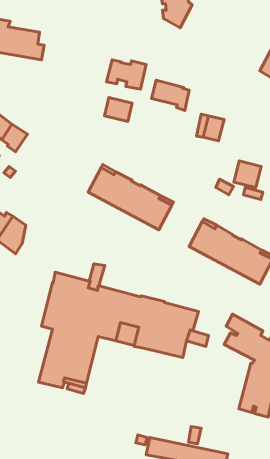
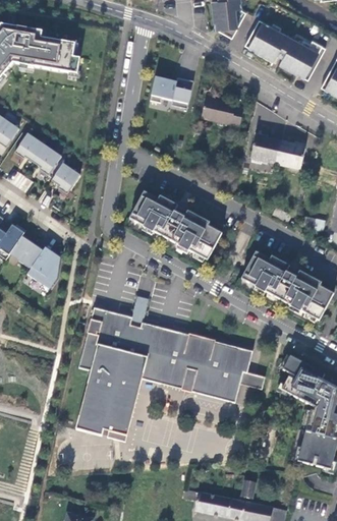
building: none -> [243,18,325,78]
building: [104,97,132,121] -> none
building: none -> [52,163,80,193]
building: [234,161,261,188] -> [274,139,304,169]

